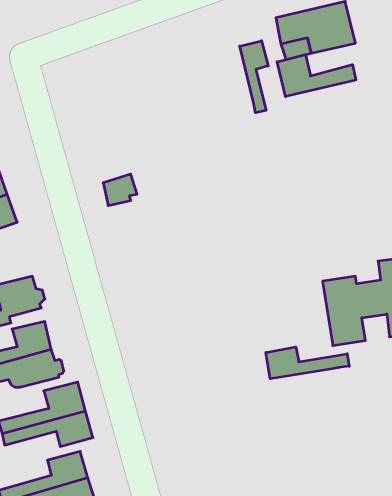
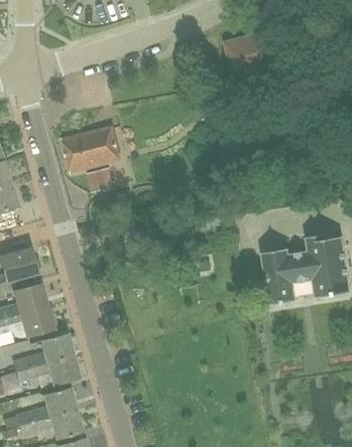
building: [240,41,268,113] -> none
building: [277,55,356,97] -> none
building: none -> [62,126,119,171]
building: [266,347,349,379] -> none

